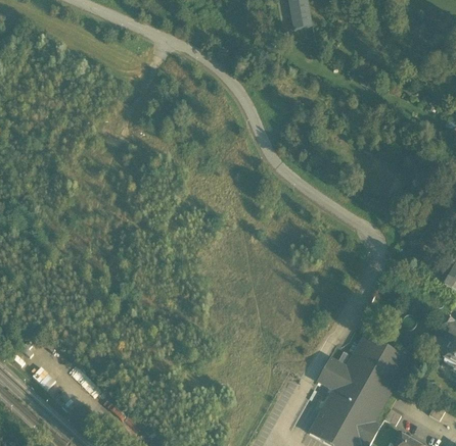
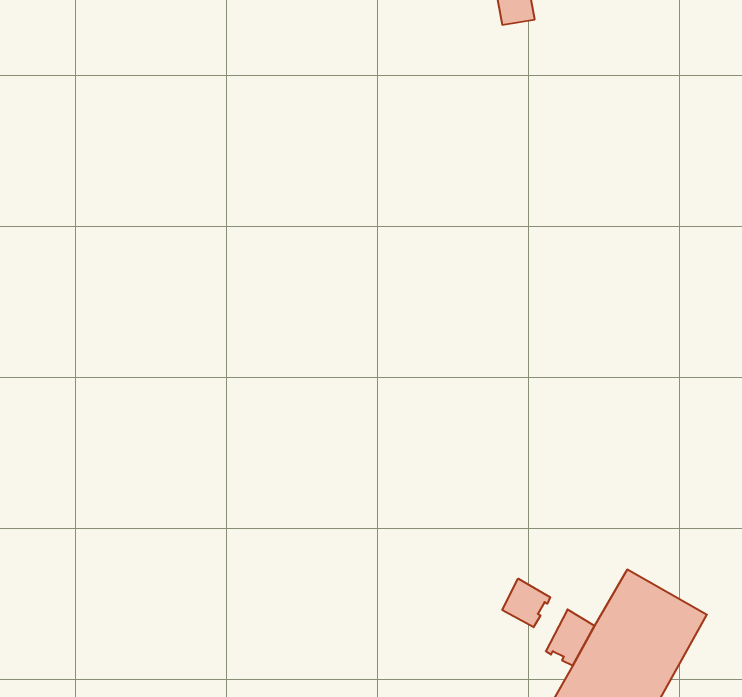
building: none -> [502,579,550,627]

